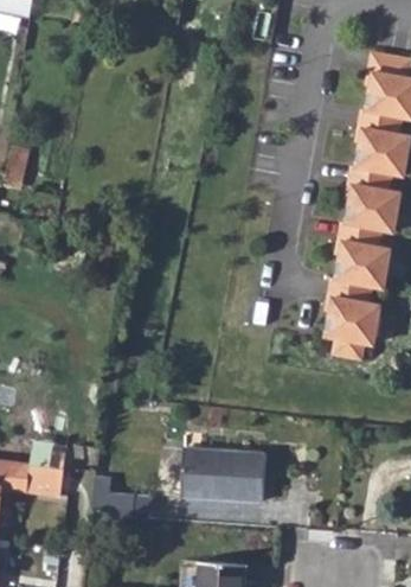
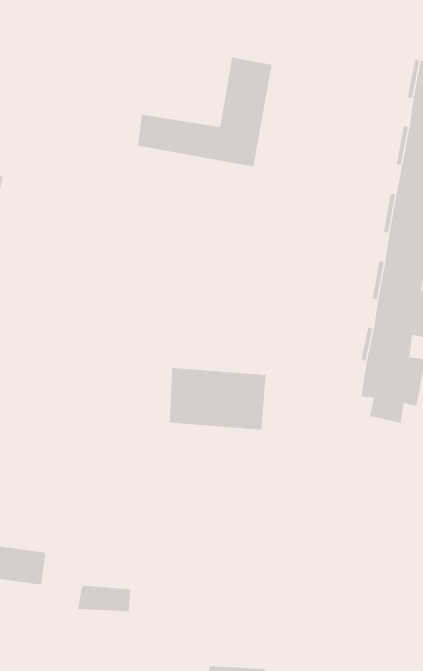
building: none -> [137,57,272,167]
building: [187,448,269,500] -> [169,368,266,430]

